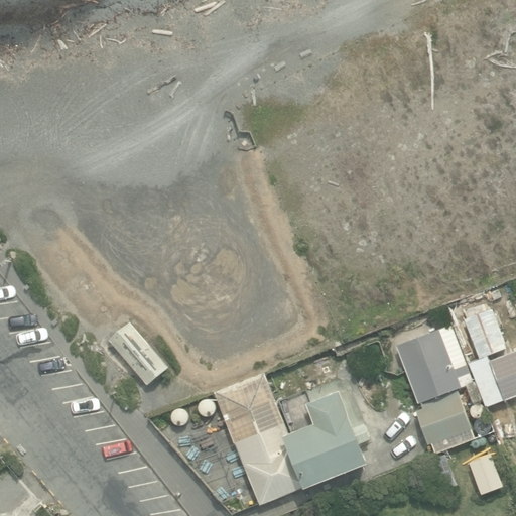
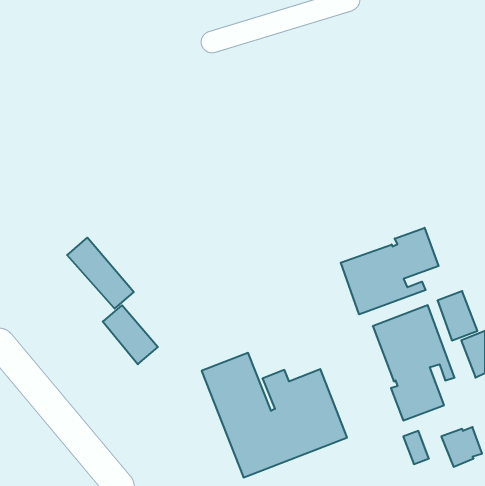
building: none -> [341,228,439,314]
building: none -> [67,238,134,309]

